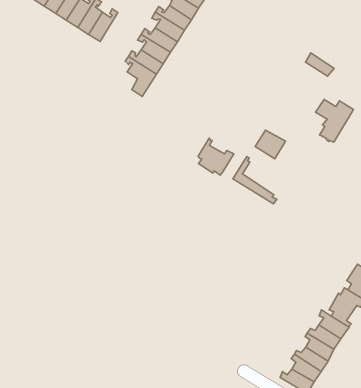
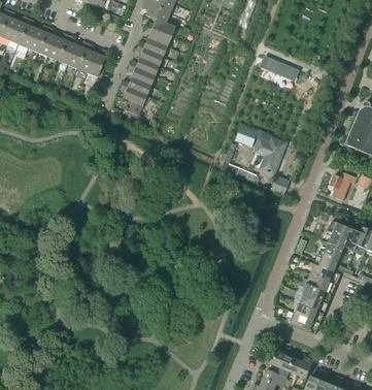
building: [316,99,353,142] -> [256,138,285,172]
building: [198,138,234,175] -> none

